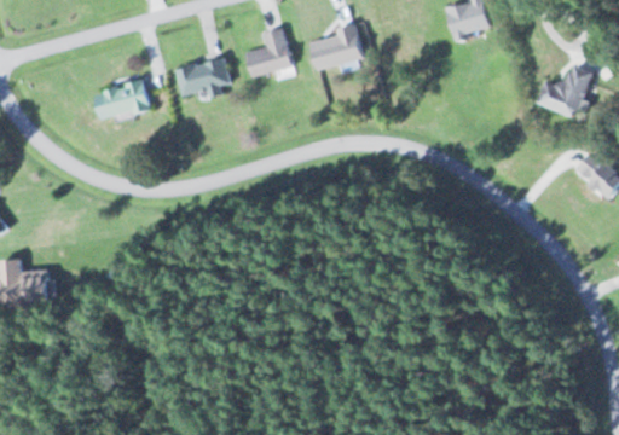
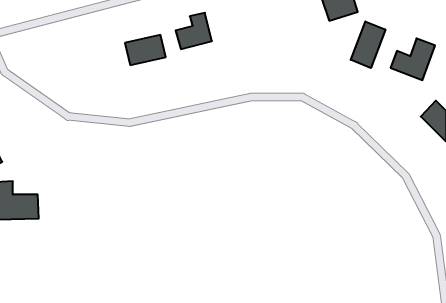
building: [306,23,364,71] -> none
building: none -> [351,21,385,68]
building: [92,81,149,121] -> none

